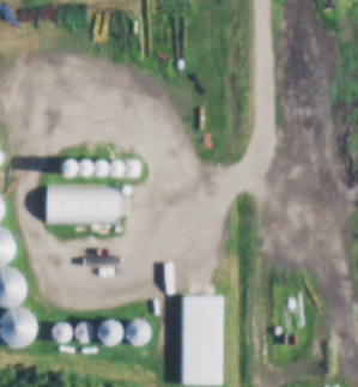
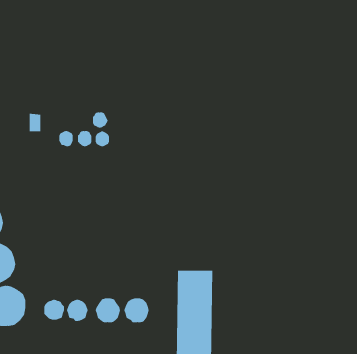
building: [47,188,122,226] -> none

